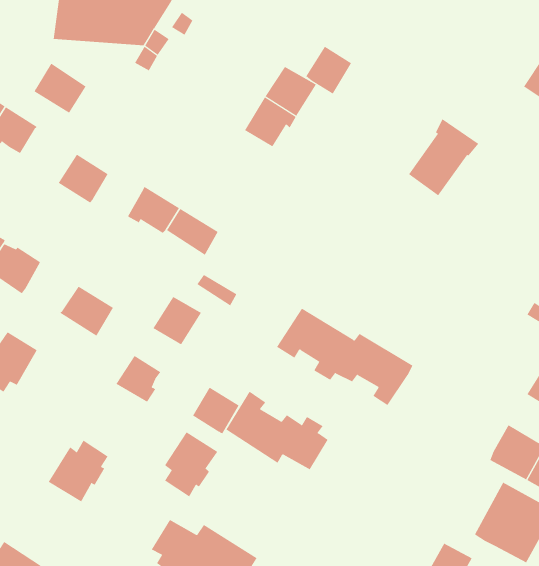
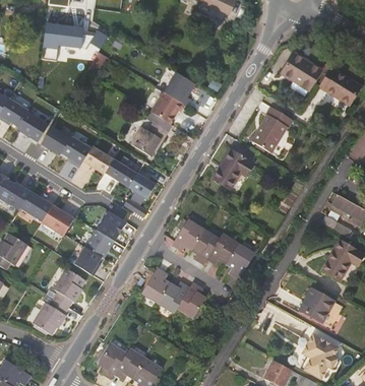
building: none -> [283,52,322,86]
building: [305,46,352,95] -> none
building: [34,63,86,114] -> [17,111,49,141]
building: none -> [132,120,169,153]
building: none -> [62,136,92,168]
building: none -> [214,149,252,187]
building: none -> [129,173,157,198]
building: none -> [21,191,53,220]
building: [192,387,240,434] -> [86,230,115,258]
building: [164,431,218,497] -> [56,268,88,308]

